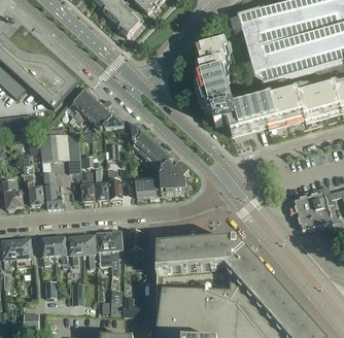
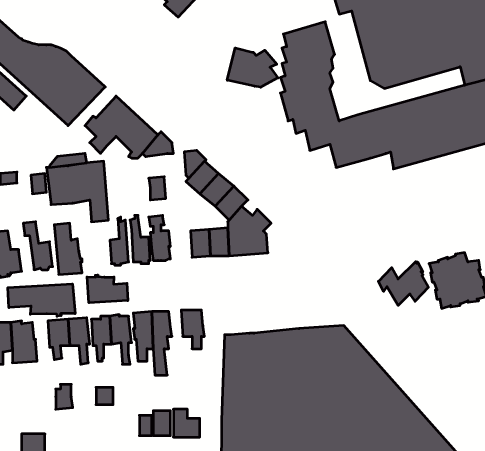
building: none -> [227,48,278,87]
building: none -> [378,262,428,305]
building: none -> [87,275,128,303]
building: none -> [8,284,75,316]

